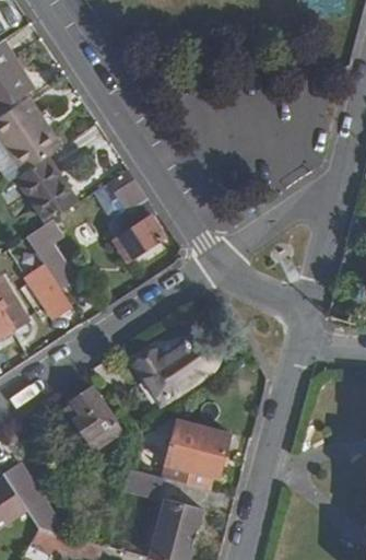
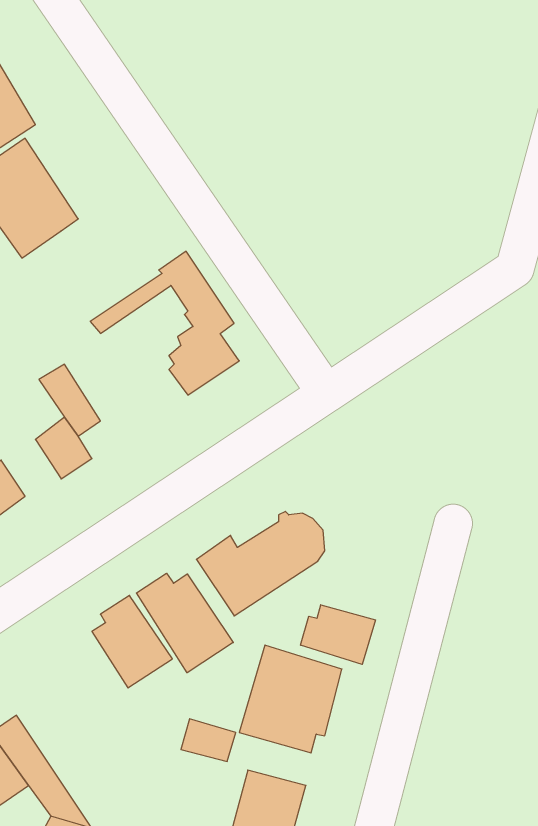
building: [14,155,78,223] -> none
building: none -> [136,573,233,673]
building: none -> [301,605,375,664]

